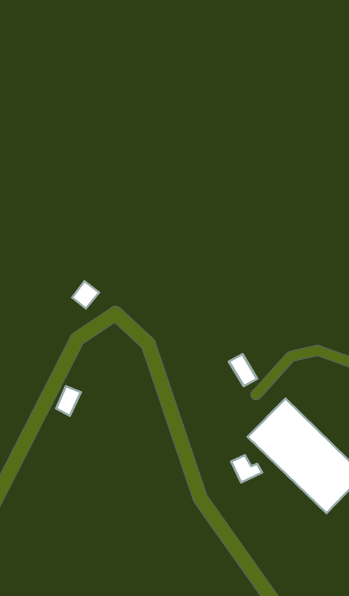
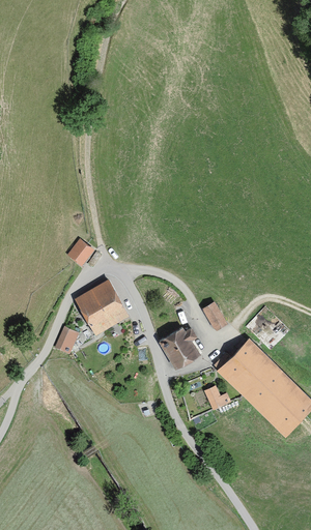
building: none -> [77,283,126,333]
building: none -> [159,325,199,367]

